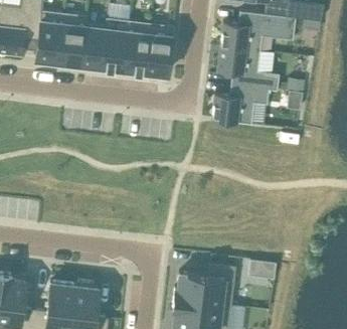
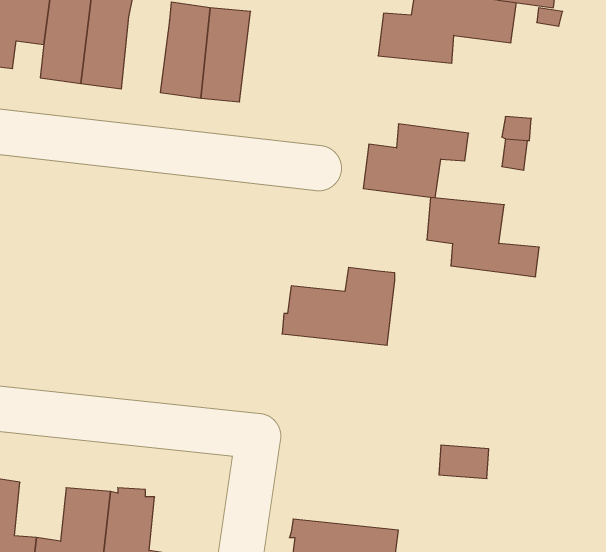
building: [145,23,173,75] -> none
building: [80,26,107,67] -> none
building: [218,47,280,91] -> [427,197,539,277]
building: [174,264,235,306] -> [282,267,395,345]

